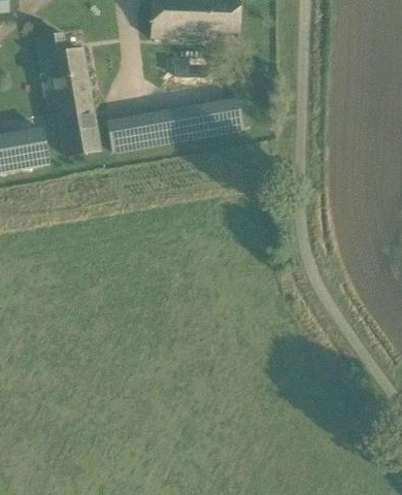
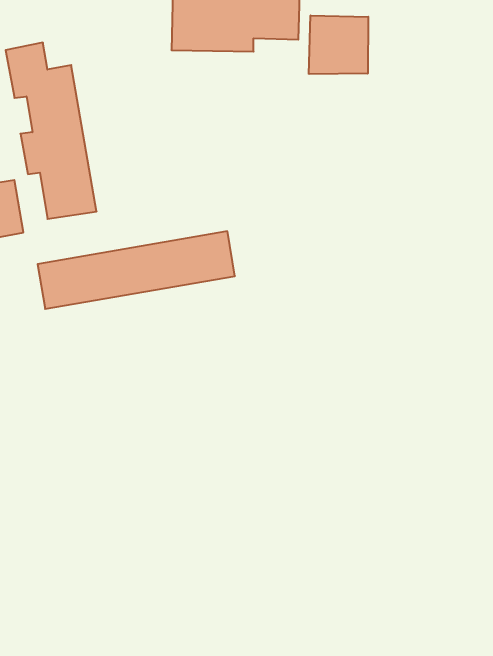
building: none -> [309,15,368,74]
building: [107,99,243,153] -> [38,231,235,309]

